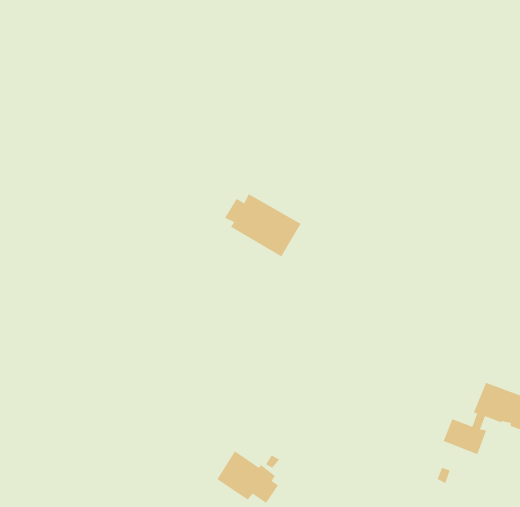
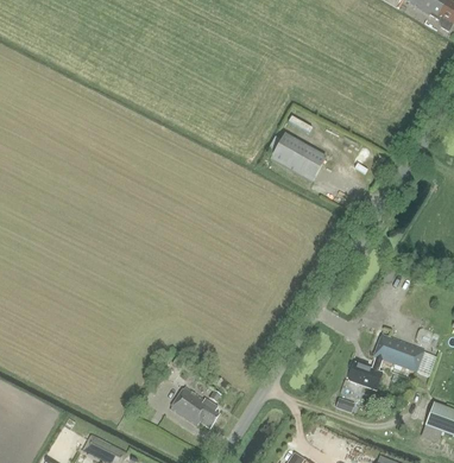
building: [224,193,302,257] -> [265,132,326,182]

